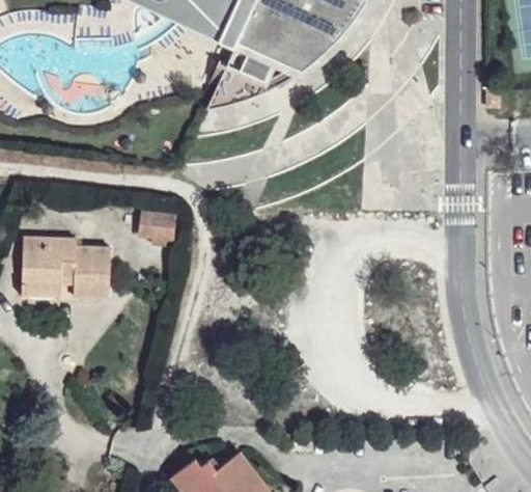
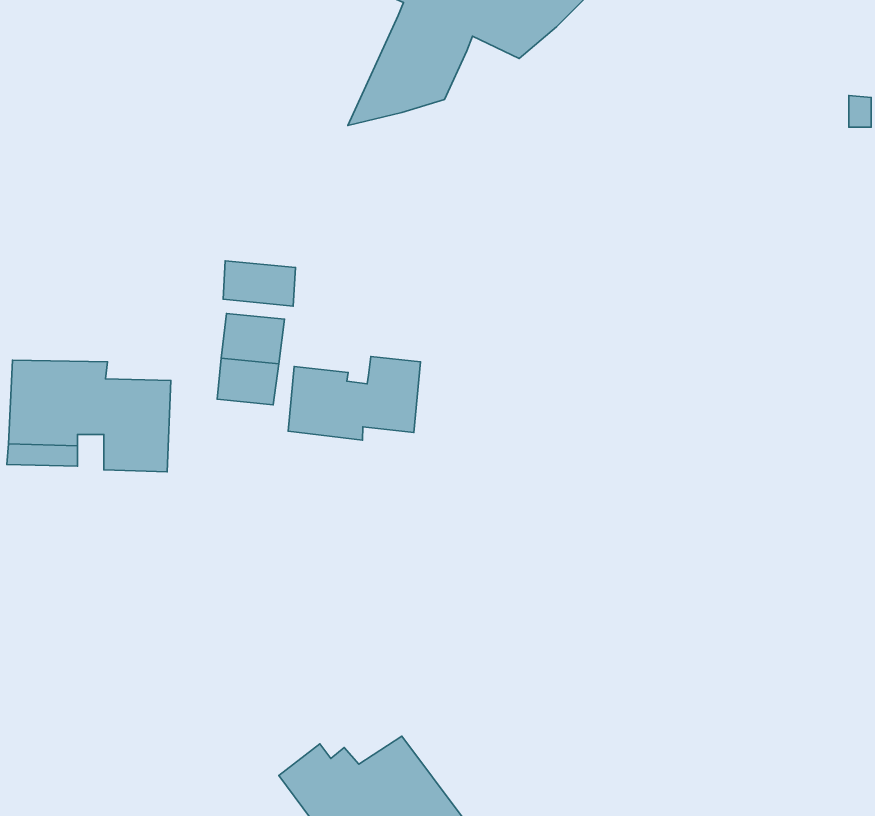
building: none -> [223,261,295,306]
building: none -> [288,357,421,440]

